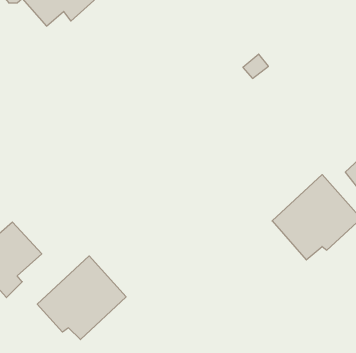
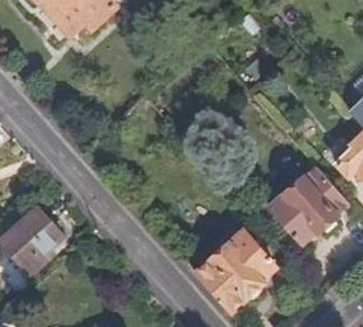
building: none -> [195,230,274,314]
building: [37,256,126,340] -> none

